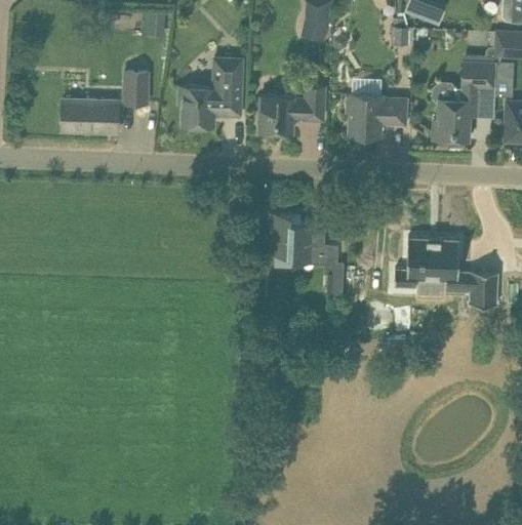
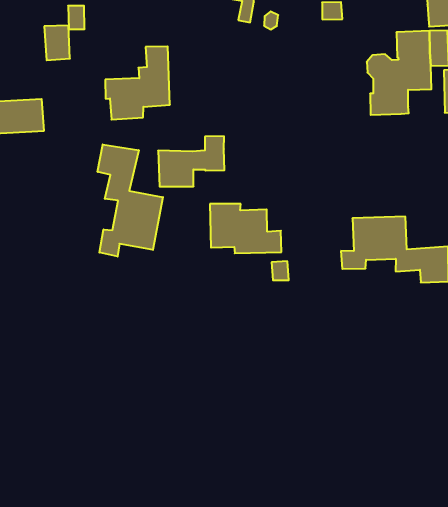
building: [125,72,149,105] -> [44,26,70,60]
building: [259,87,325,134] -> [158,136,224,187]
building: [346,95,407,137] -> none
building: none -> [98,144,163,257]

